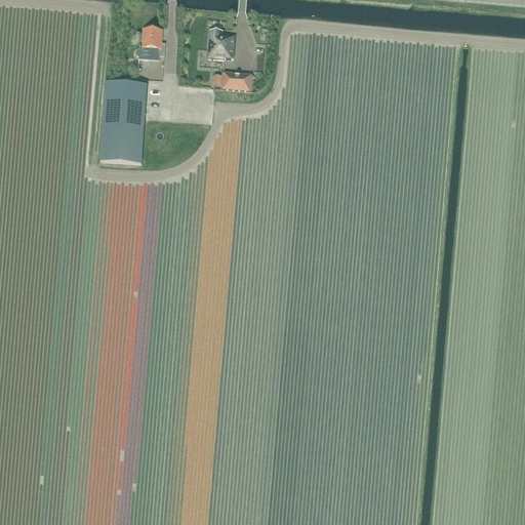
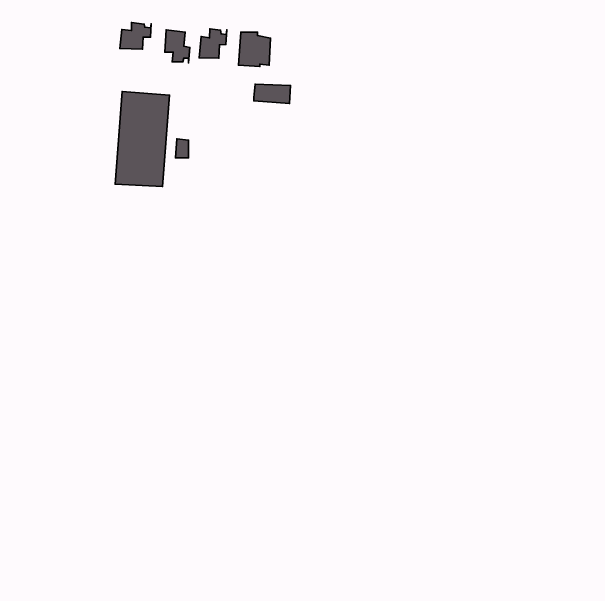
building: none -> [120,23,151,49]
building: none -> [199,29,227,58]

